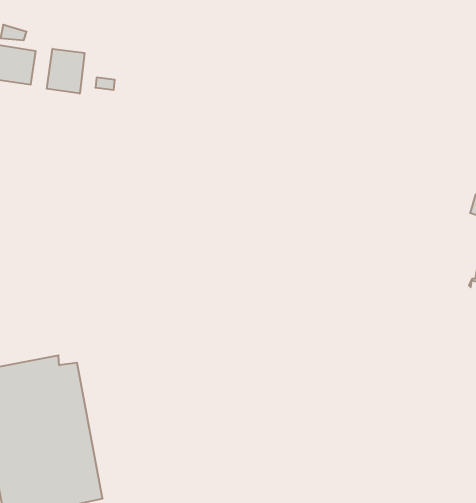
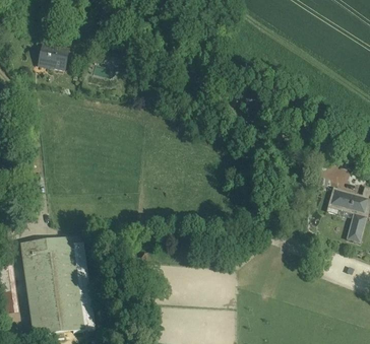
building: [47,49,84,94] -> none

